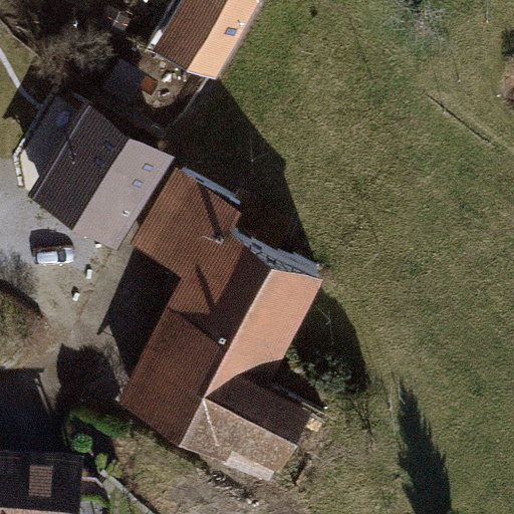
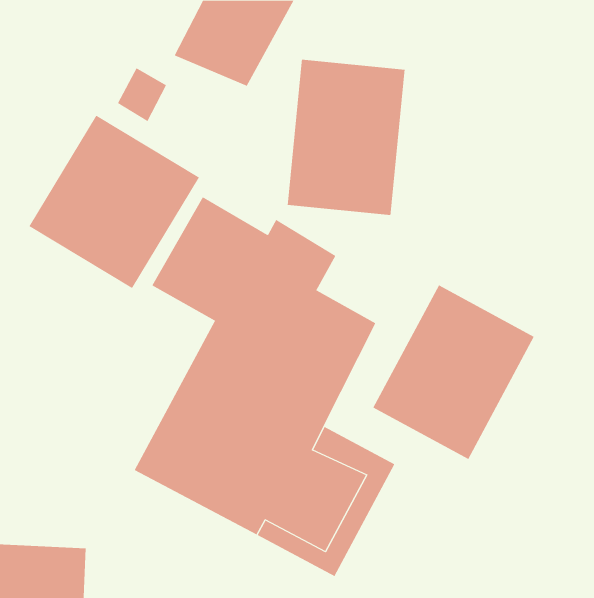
building: none -> [287,59,405,216]
building: none -> [373,285,535,460]

